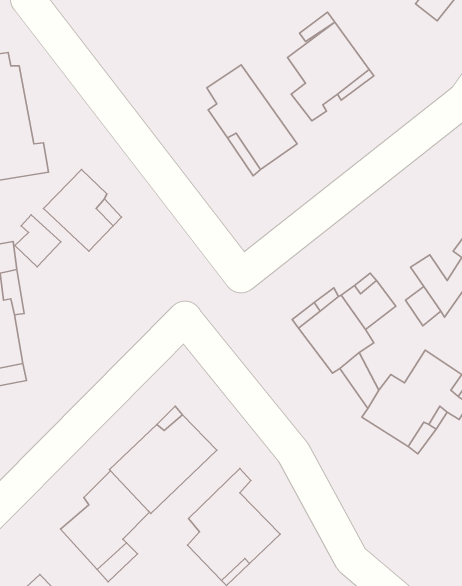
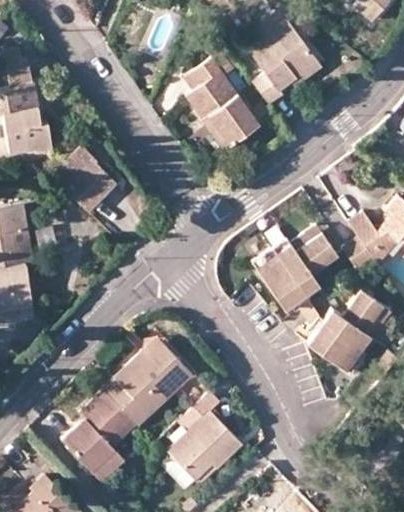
building: [15,215,61,267] -> none

